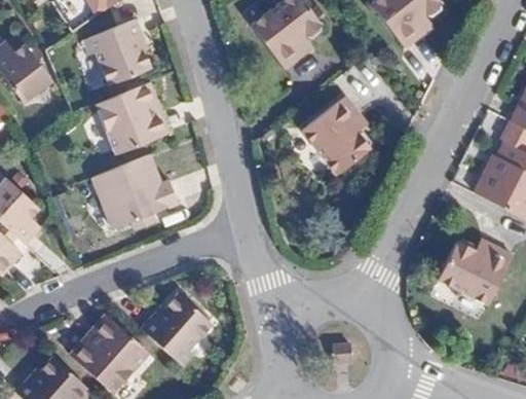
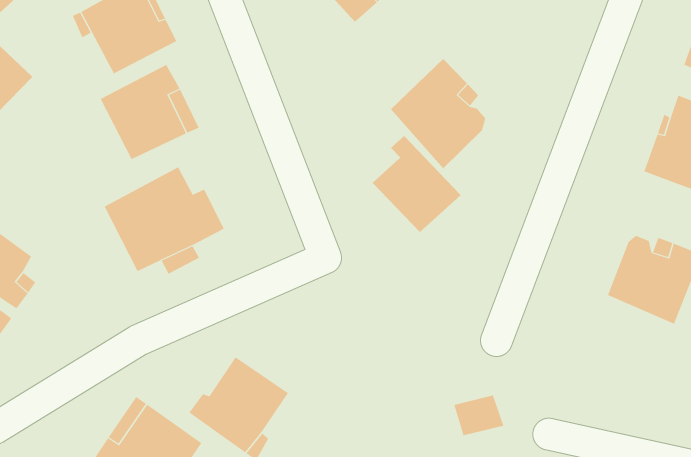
building: none -> [372,135,461,233]

